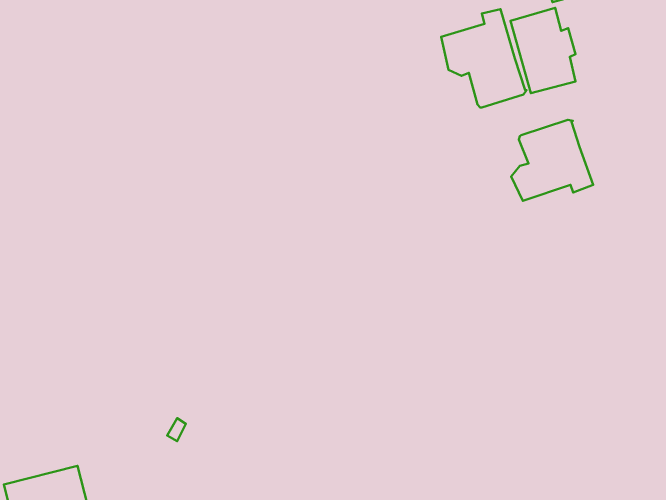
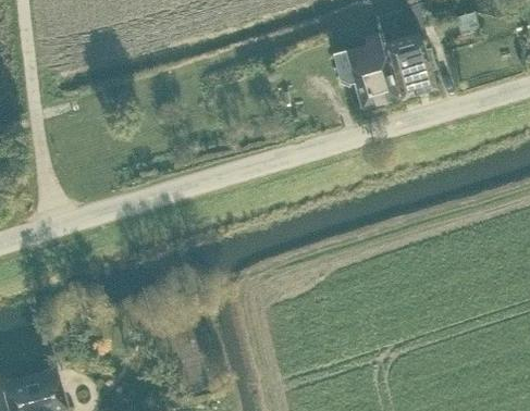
building: [511,120,593,201] -> none

